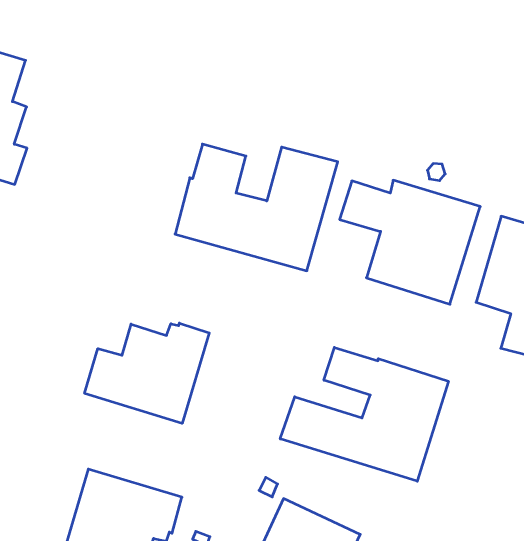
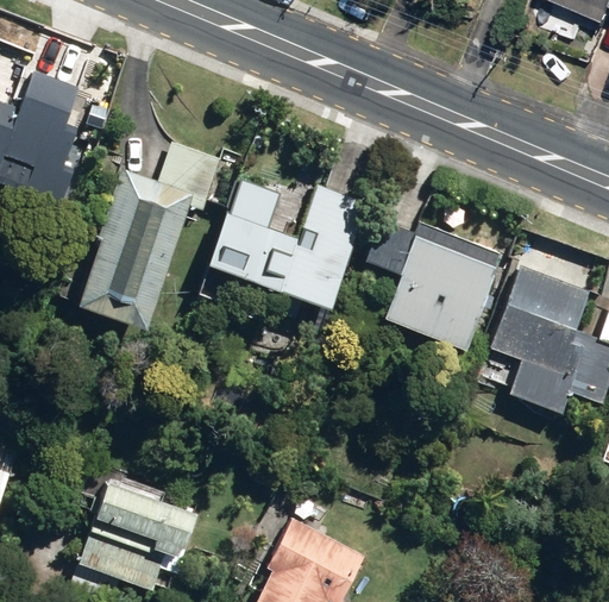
building: none -> [79,145,220,321]
building: [85,323,209,423] -> none
building: [280,347,448,481] -> none

